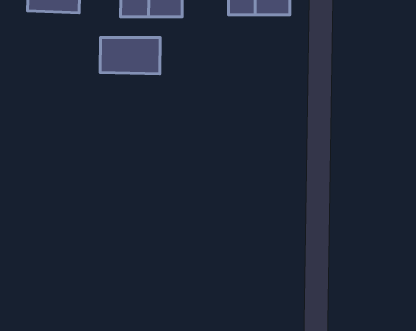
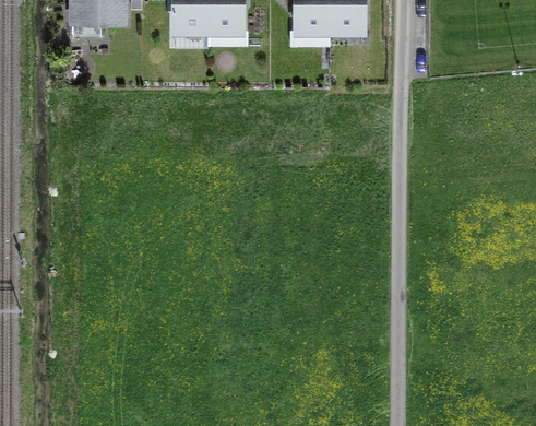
building: [100,37,160,74] -> none

